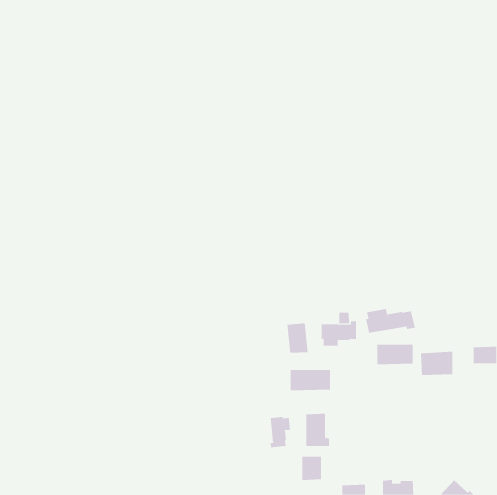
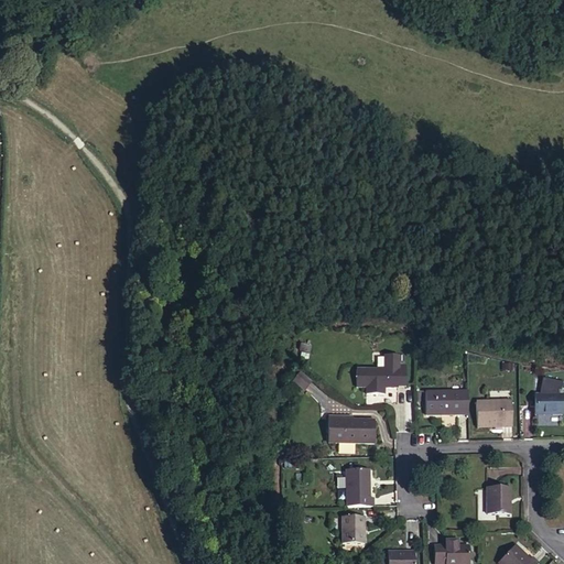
building: [365,308,415,334] -> none
building: [287,323,308,354] -> none
building: [270,416,290,448] -> none
building: none -> [486,487,509,514]

